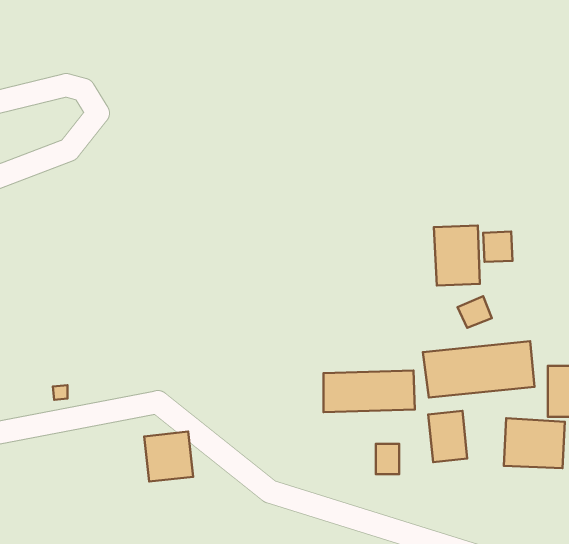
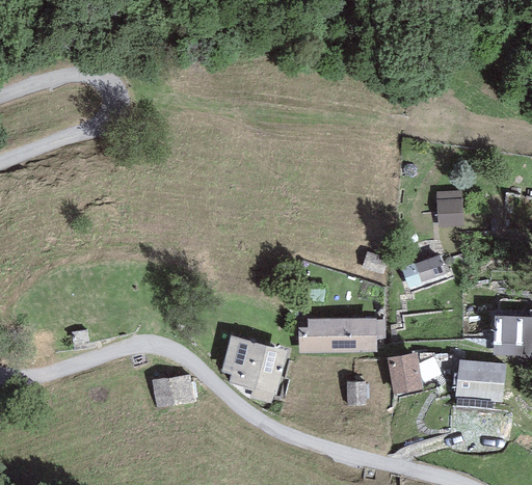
building: [434,225,480,286] -> none
building: [423,341,535,398] -> none
building: none -> [222,333,289,404]

